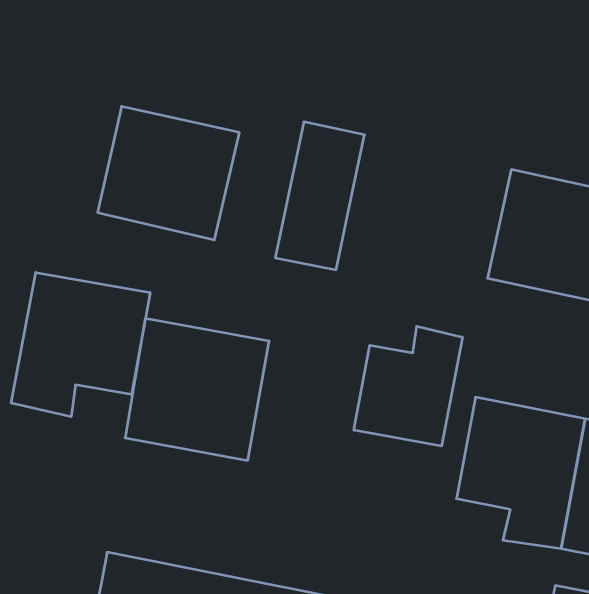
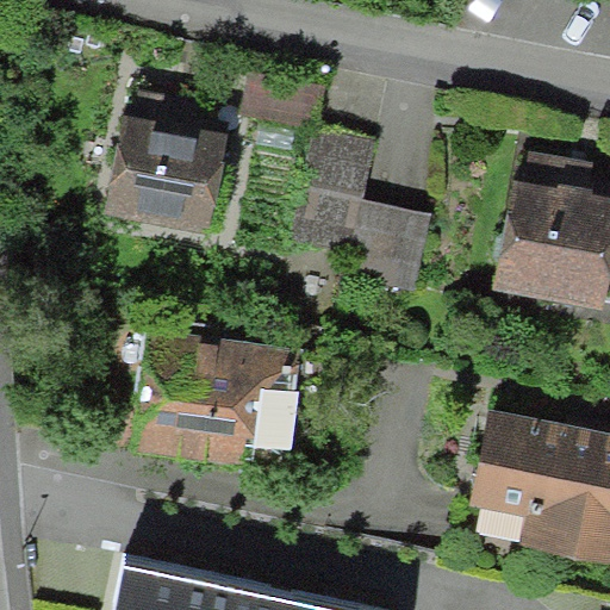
building: none -> [349,197,431,290]
building: [11,272,150,417] -> none
building: [354,326,462,446] -> none

